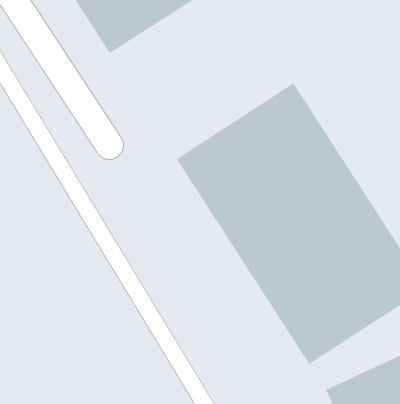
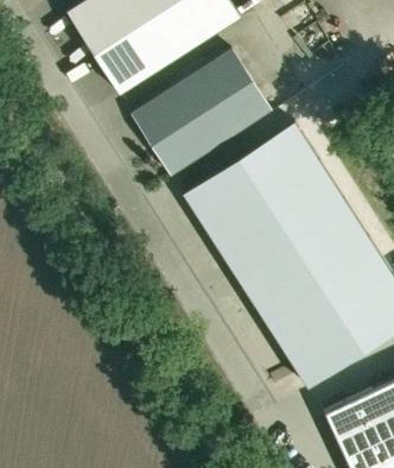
building: none -> [132,50,272,177]

